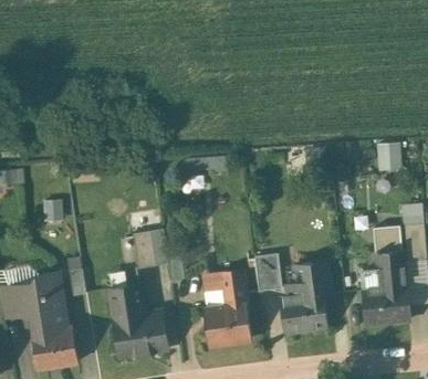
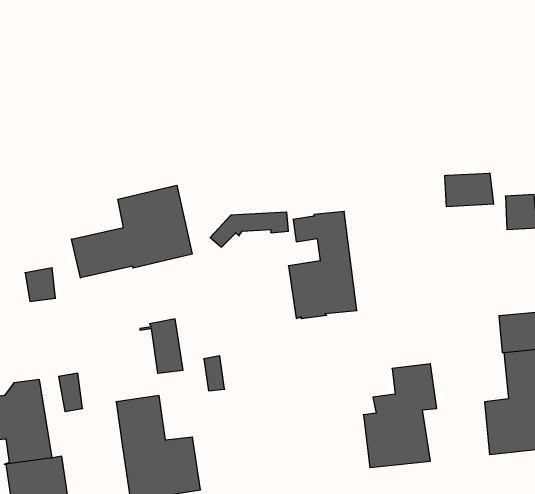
building: none -> [445,173,493,207]
building: none -> [71,185,192,278]
building: [253,254,275,292] -> none
building: [202,271,250,345] -> [288,211,357,318]

